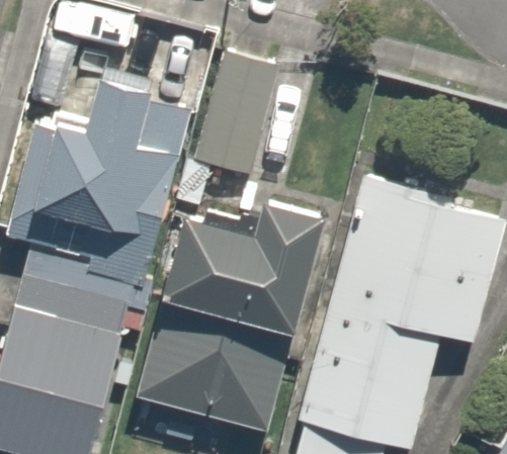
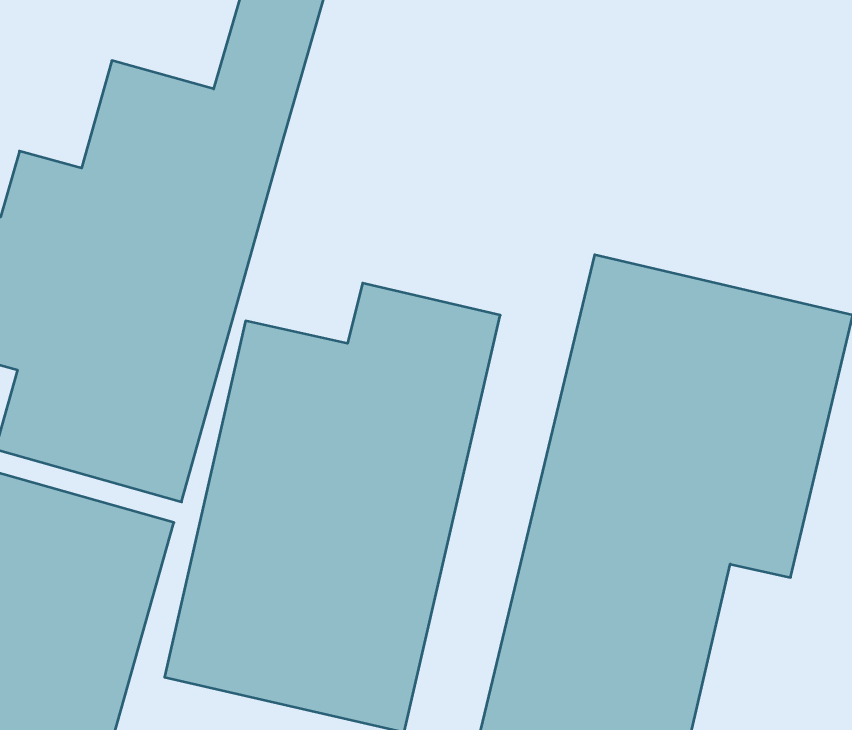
building: [196,52,283,176] -> none

